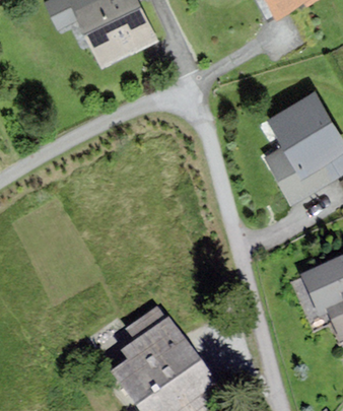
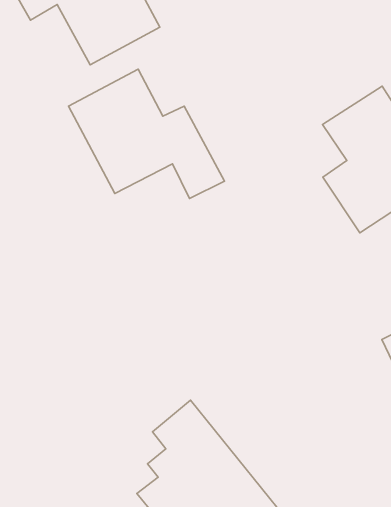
building: none -> [69,69,225,198]

